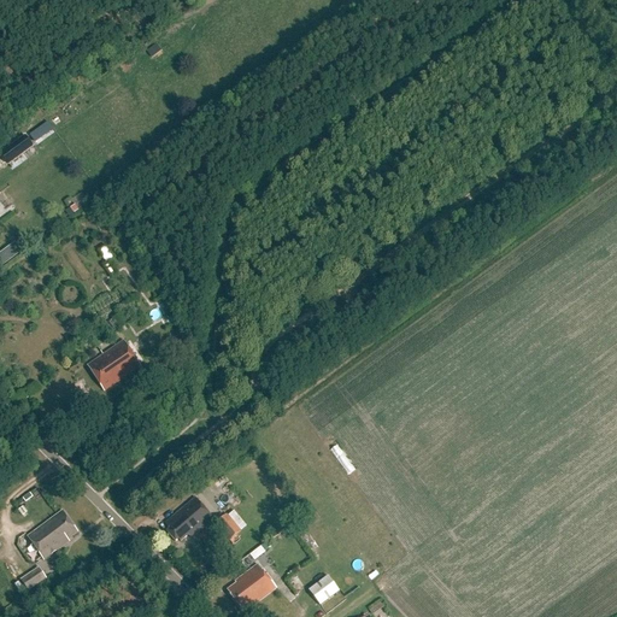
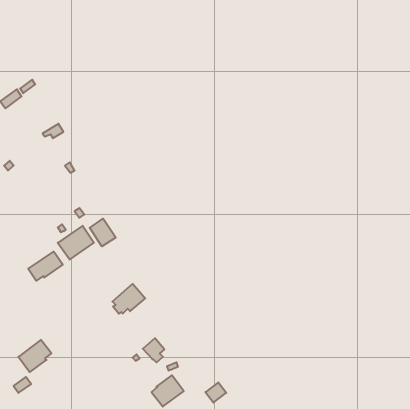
building: none -> [90,219,116,246]
building: none -> [28,252,63,281]
building: [165,495,215,540] -> [112,284,145,314]

